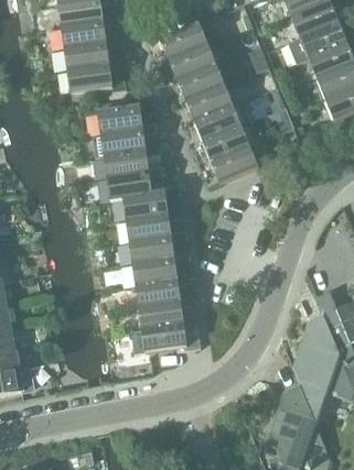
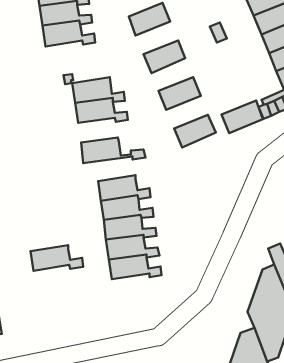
building: [168,43,215,79] -> none
building: [67,64,126,92] -> none
building: [185,84,232,120] -> none
building: [202,125,248,162] -> [221,100,263,133]
building: [104,150,162,177] -> none
building: [122,193,181,220] -> none
building: [141,323,200,351] -> [31,245,83,271]

